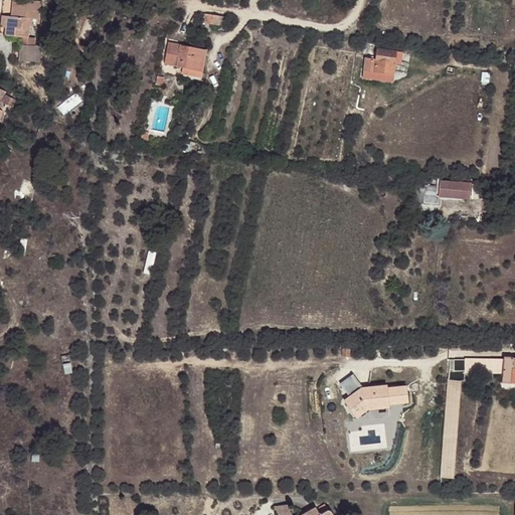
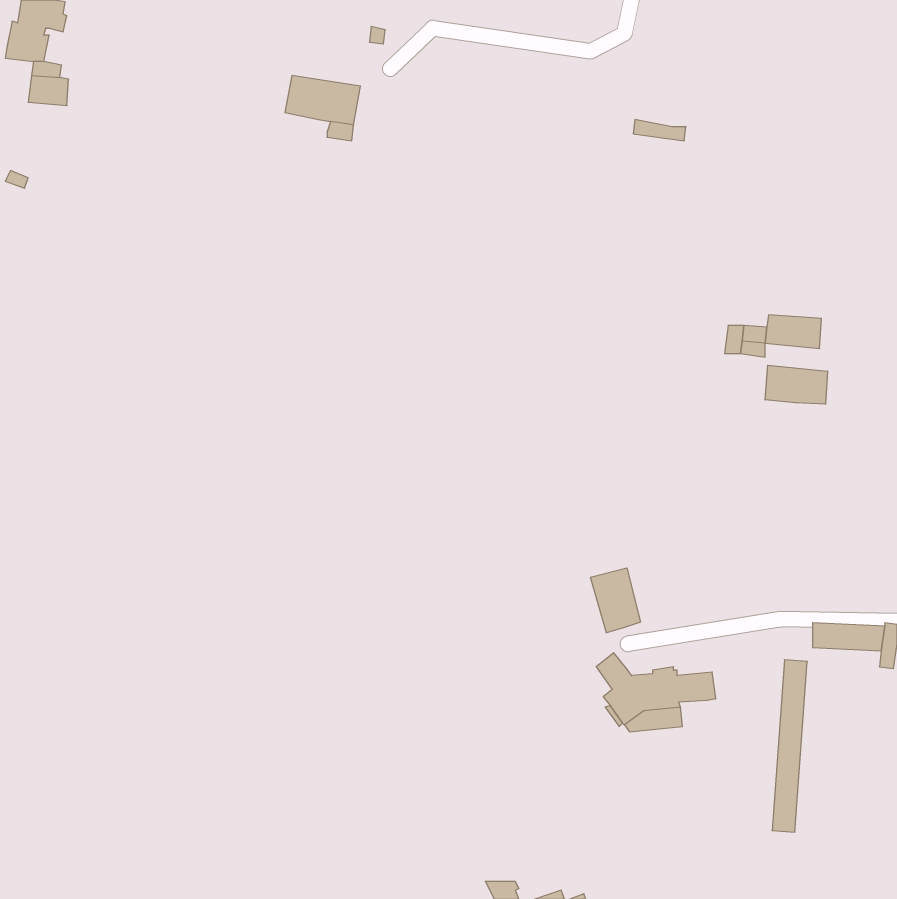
building: [363,49,395,72] -> none
building: none -> [765,365,828,404]
building: none -> [590,568,640,633]

